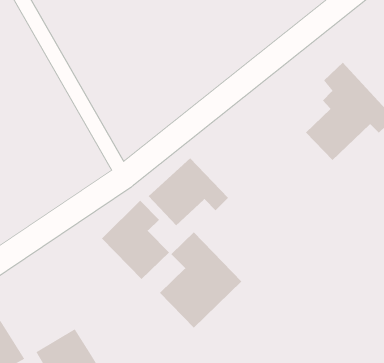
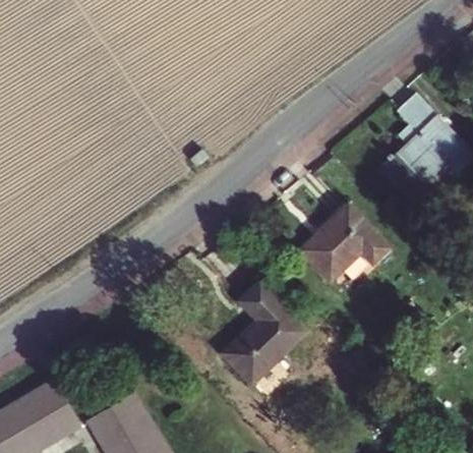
building: [148,157,229,226] -> [301,213,389,287]
building: [101,200,170,280] -> none

